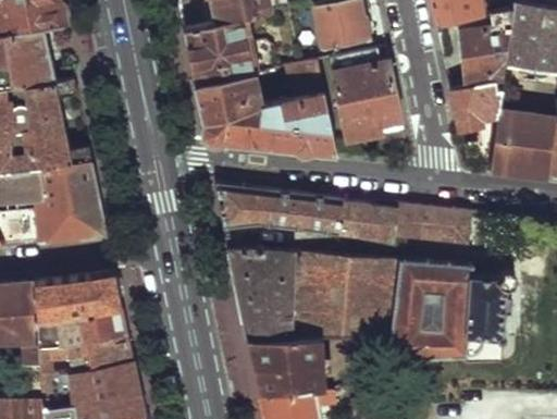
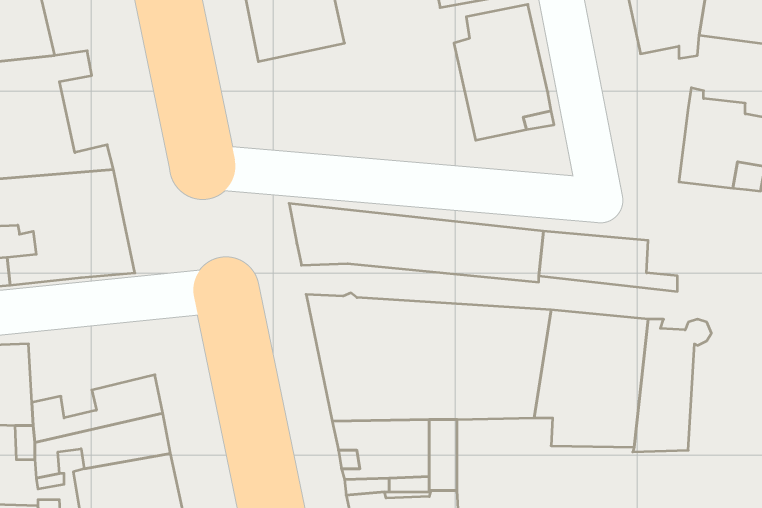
building: [195,60,337,156] -> none
building: [450,82,505,133] -> none
building: [33,273,122,326] -> none

